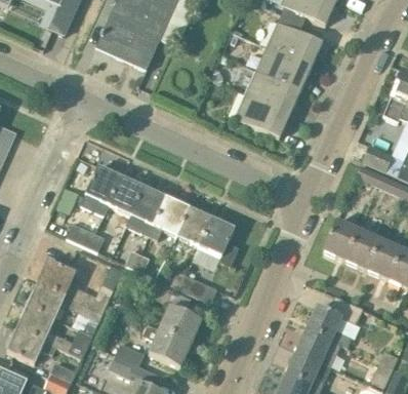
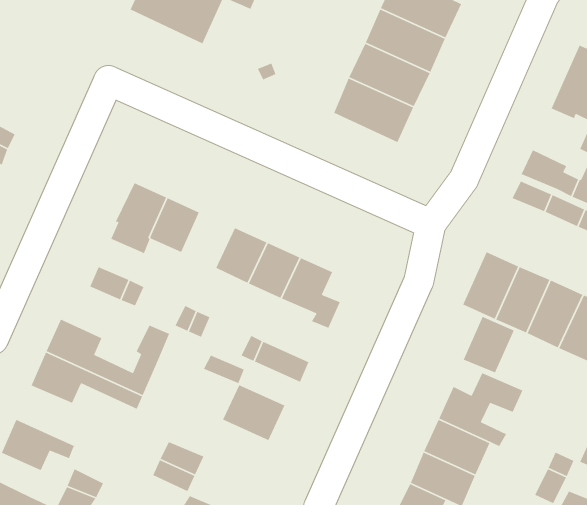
building: [125,186,166,234] -> none
building: none -> [463,316,515,374]
building: [16,305,92,359] -> none
building: [142,323,190,365] -> none

